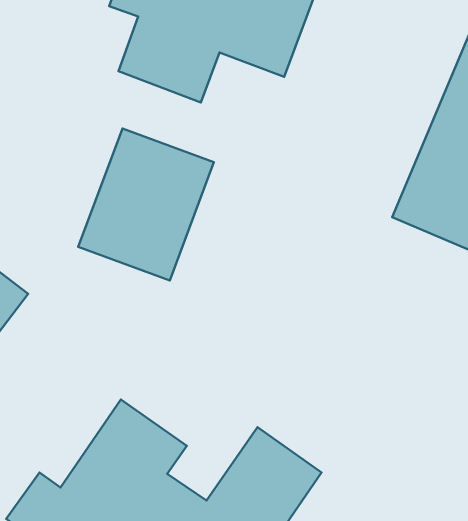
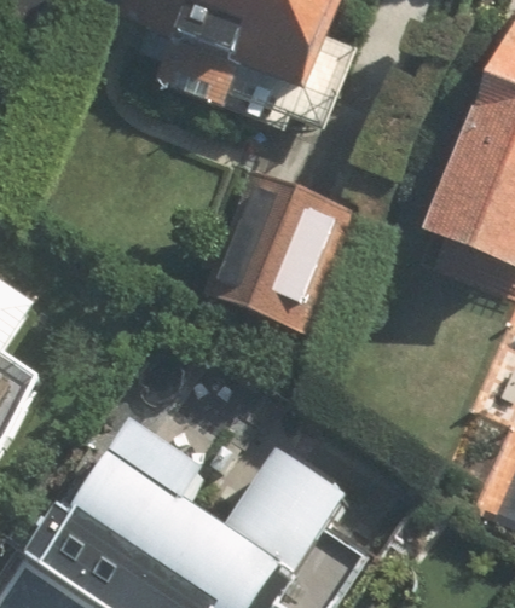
building: [78,129,214,281] -> [204,174,346,332]

